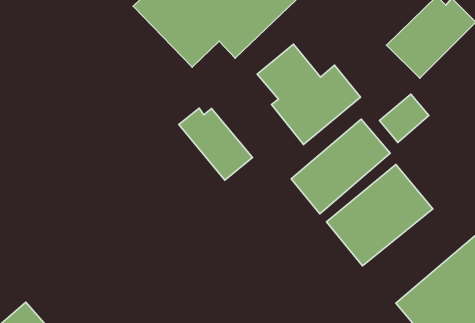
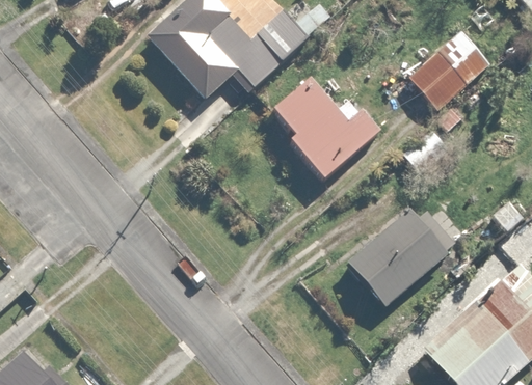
building: [179,108,252,180] -> none
building: [291,119,390,214] -> none

